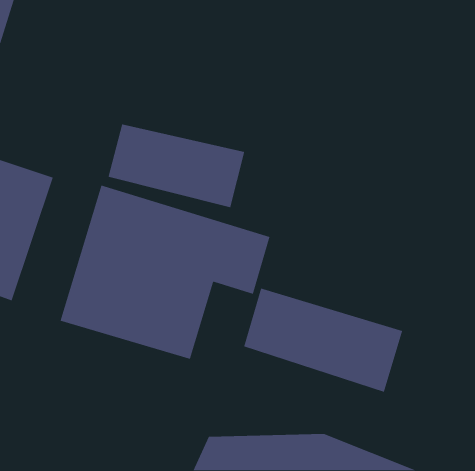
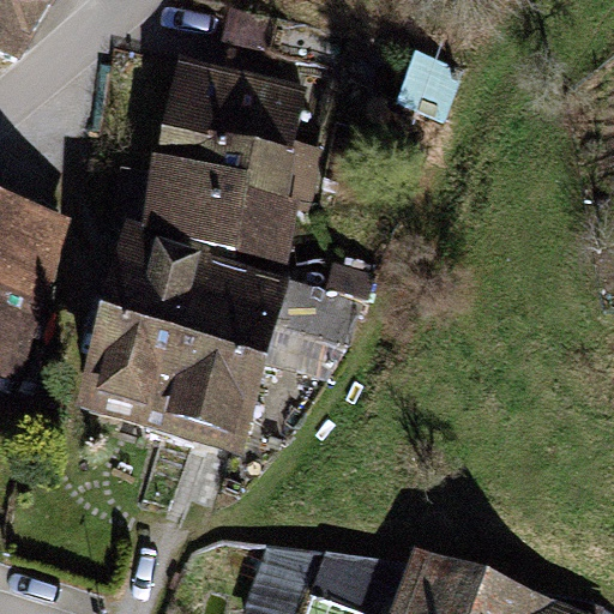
building: none -> [155,56,321,193]
building: [243,287,403,393] -> none

